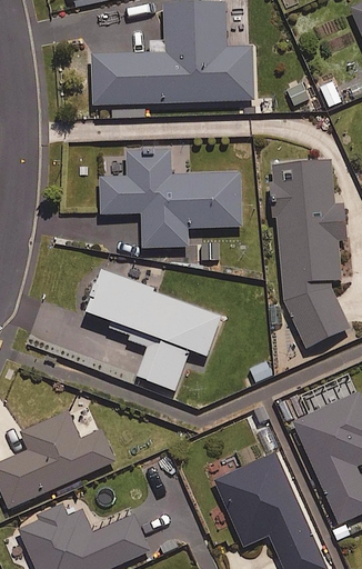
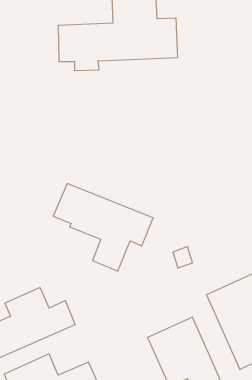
building: [99,148,241,247] -> none
building: [271,160,348,348] -> none

